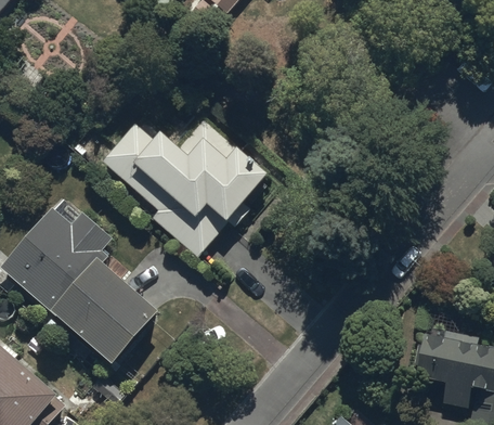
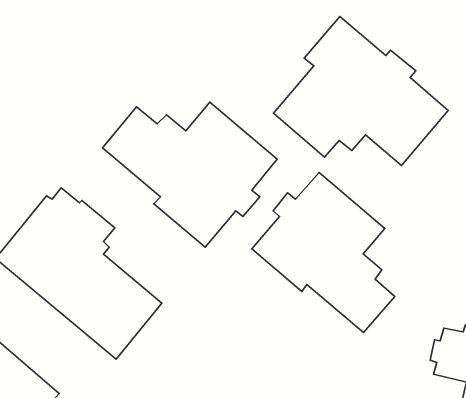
building: none -> [273,16,448,165]
building: none -> [252,173,395,333]

